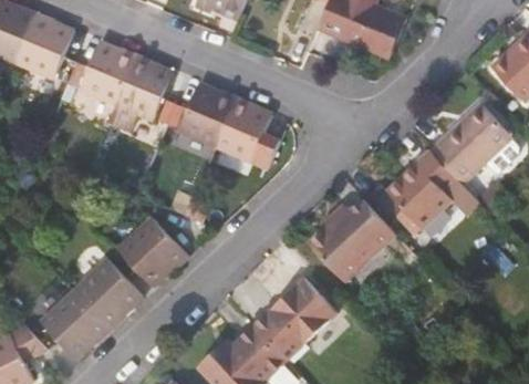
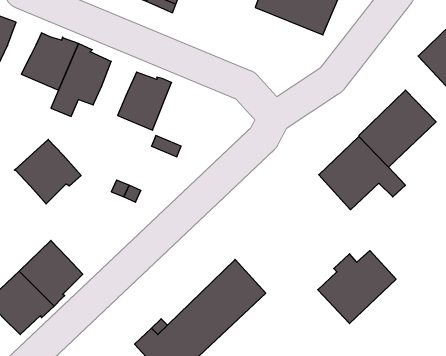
building: [215,95,280,166] -> none
building: [310,200,392,277] -> [318,251,396,324]
building: [118,219,188,287] -> [14,139,81,204]

